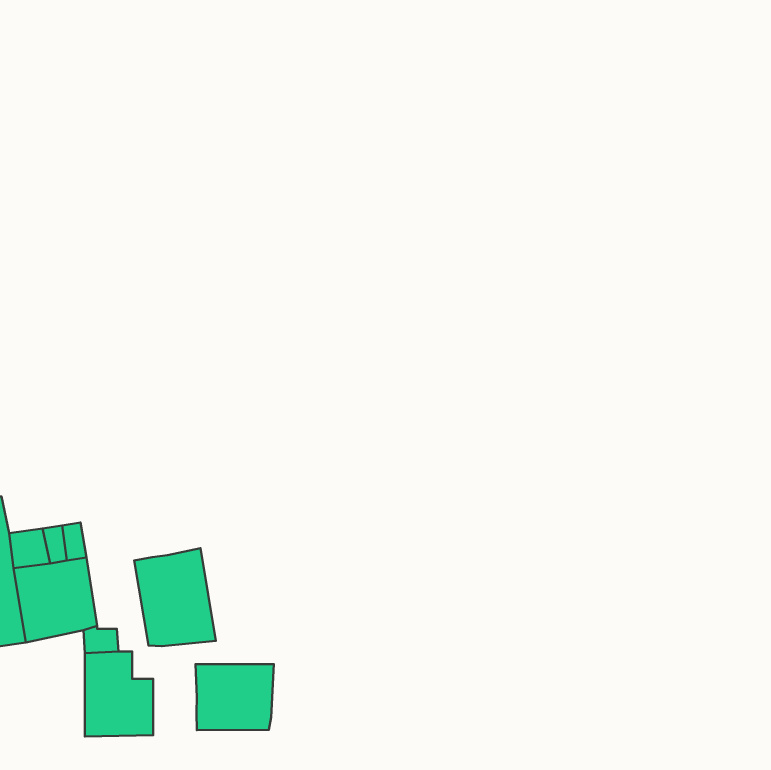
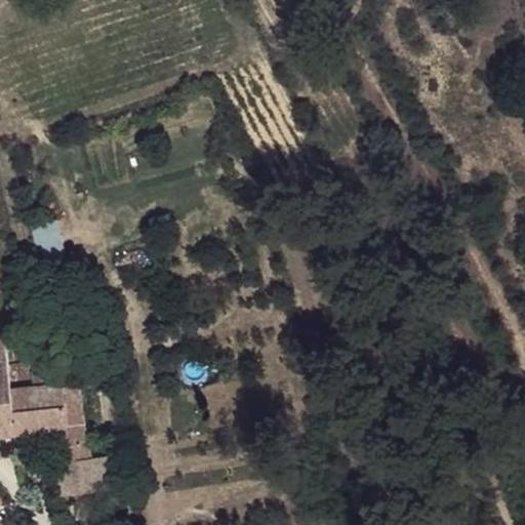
building: [134,548,216,646] -> none
building: [195,664,274,730] -> none

